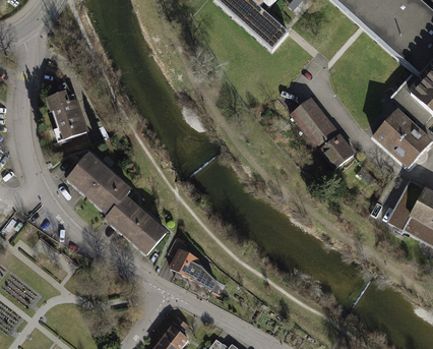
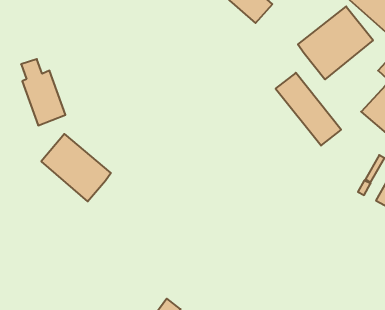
building: none -> [298,6,373,79]
building: [104,198,165,256] -> none
building: [167,236,215,290] -> none

